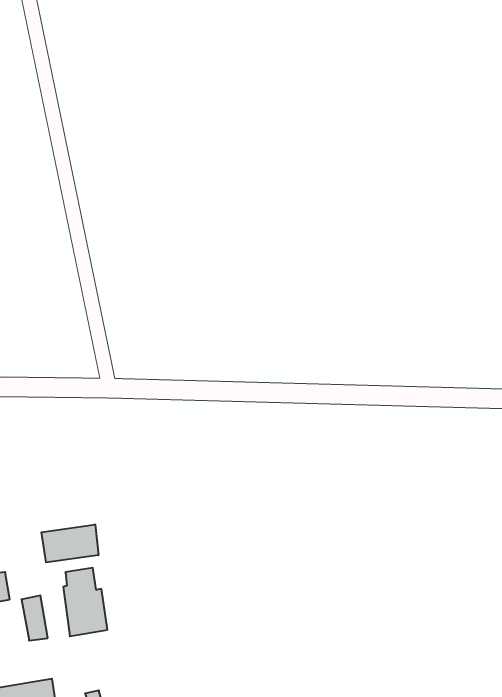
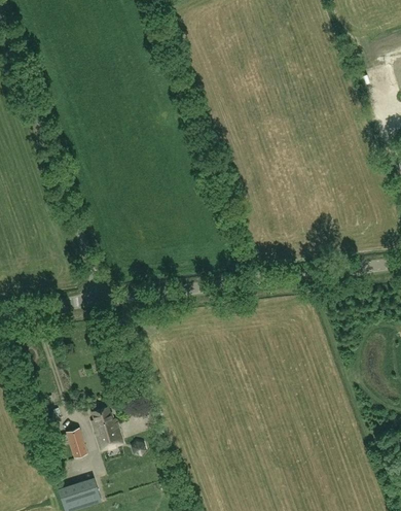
building: [41,524,98,562] -> none

